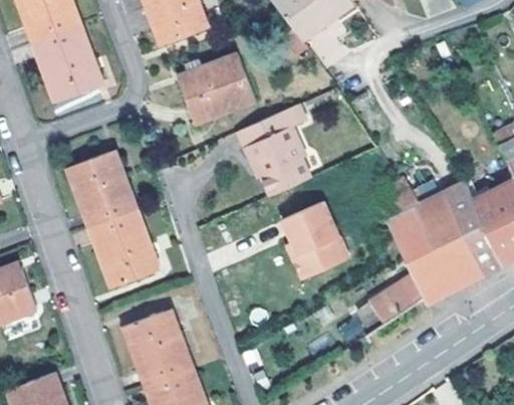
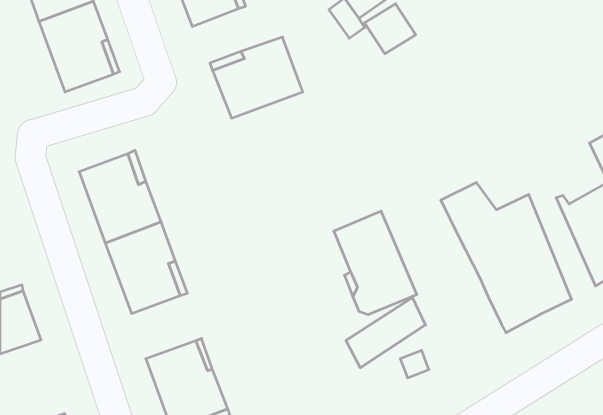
building: [237,105,309,195] -> none
building: [447,179,503,275] -> none
building: [356,273,424,333] -> [346,298,426,368]

